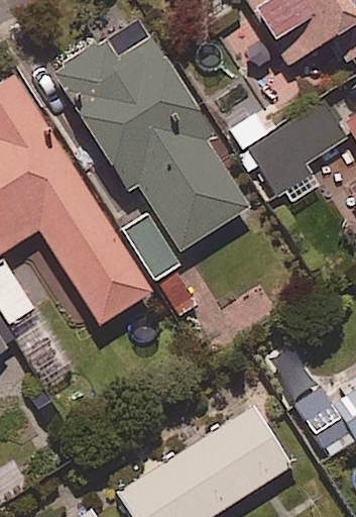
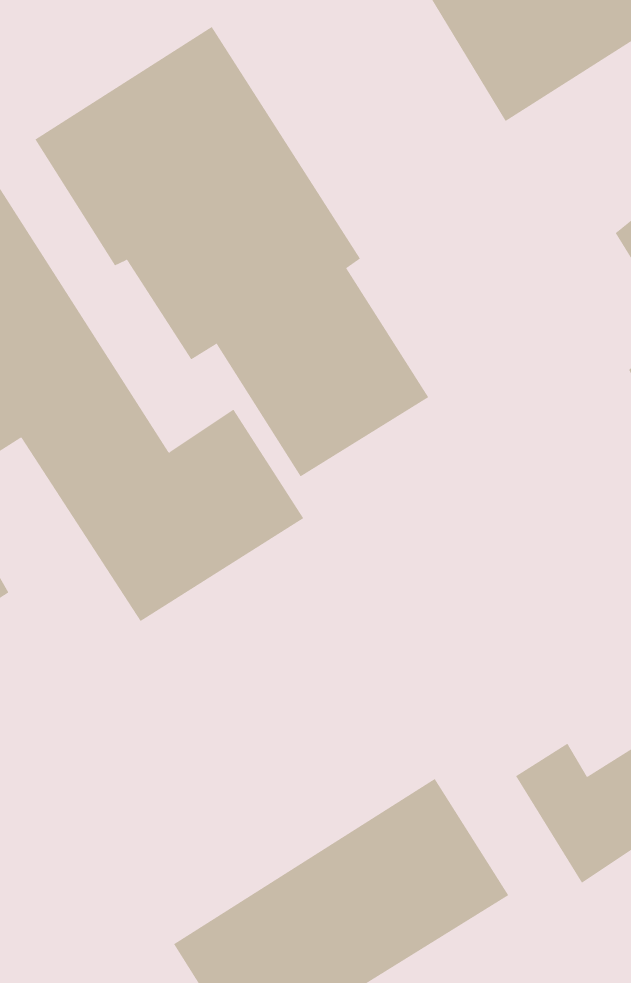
building: [236,98,346,205] -> none

